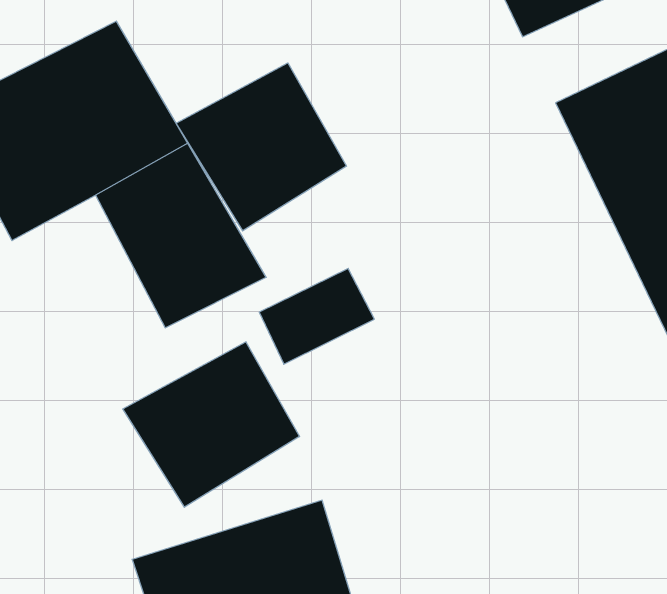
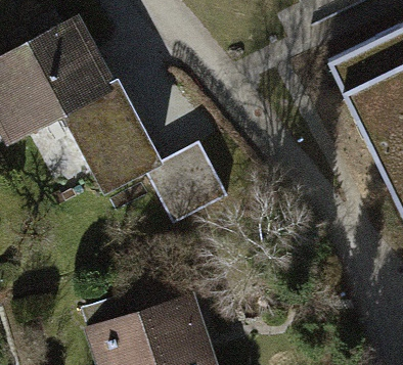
building: [176,63,346,231] -> none
building: [123,342,300,507] -> none

